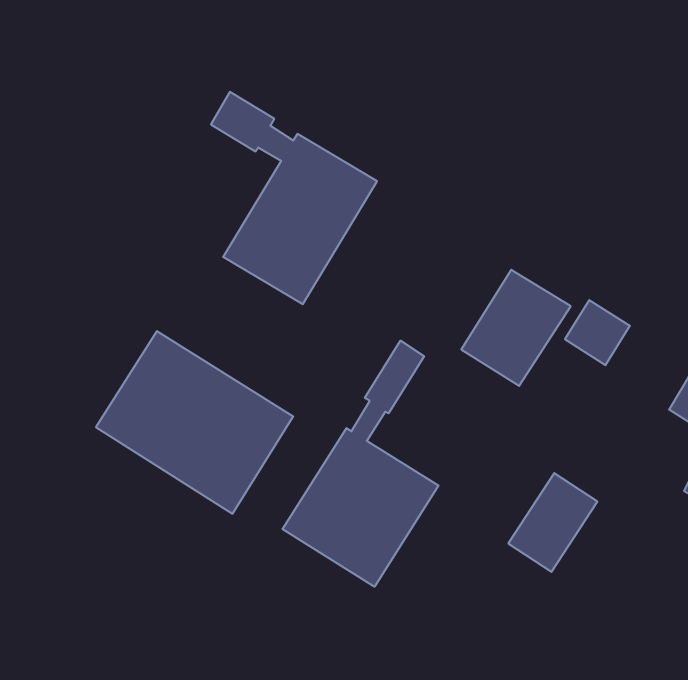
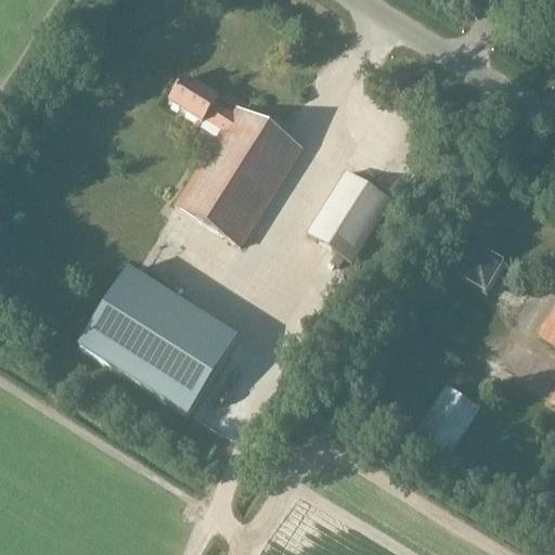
building: [461,270,571,386] -> [307,165,395,258]
building: [283,341,438,587] -> none

